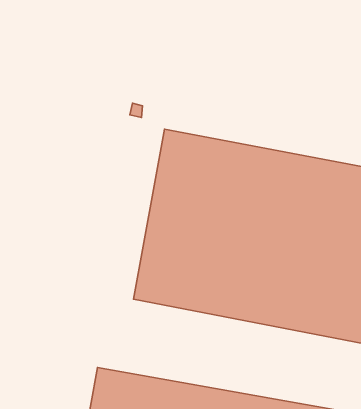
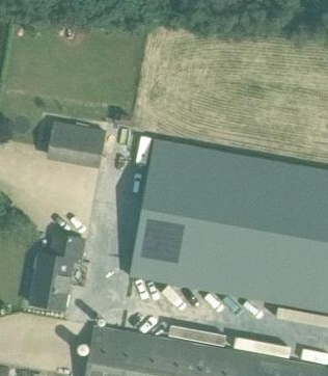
building: none -> [50,127,109,169]
building: none -> [32,235,88,311]

